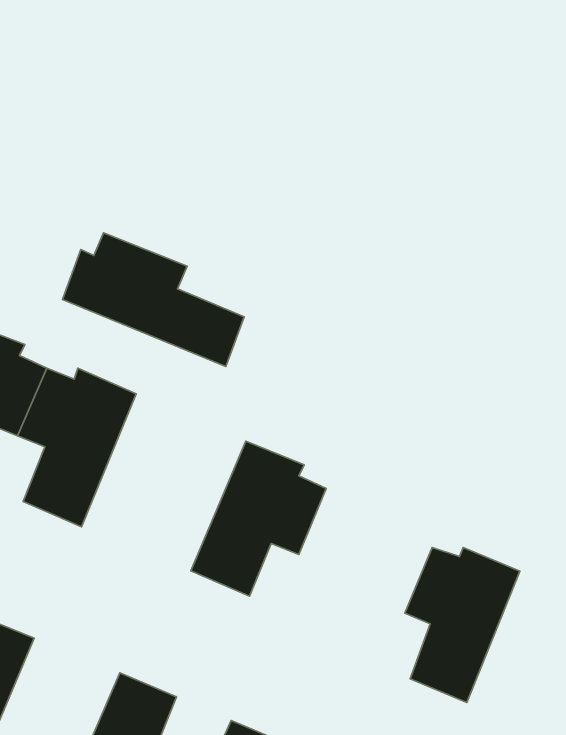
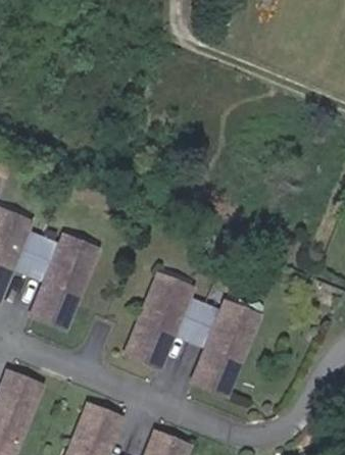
building: [62,233,244,366] -> none
building: [405,547,520,702] -> [188,306,252,393]

